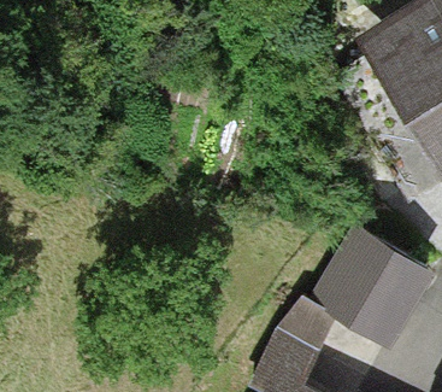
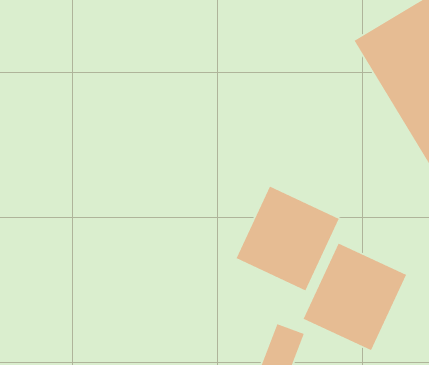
building: none -> [235,185,340,292]

